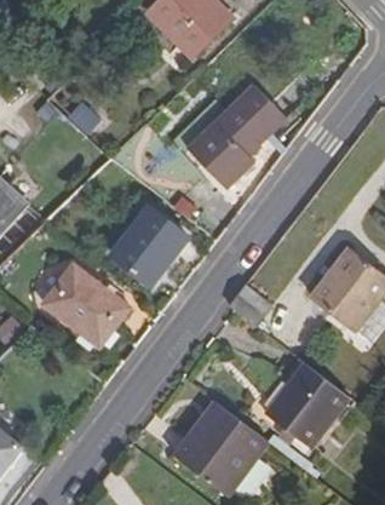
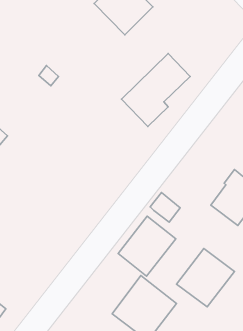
building: [110,205,188,286] -> none
building: [44,264,127,345] -> none
building: none -> [118,216,176,276]

